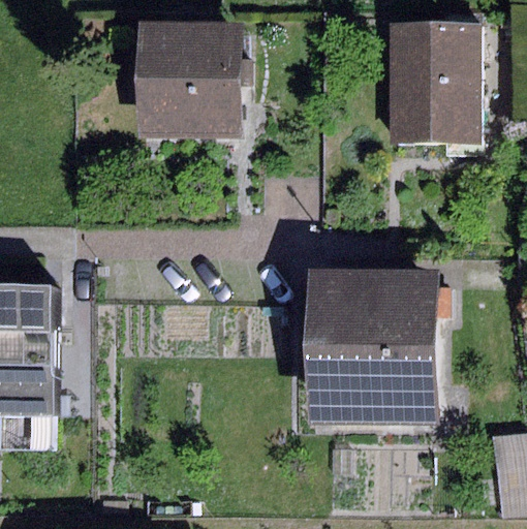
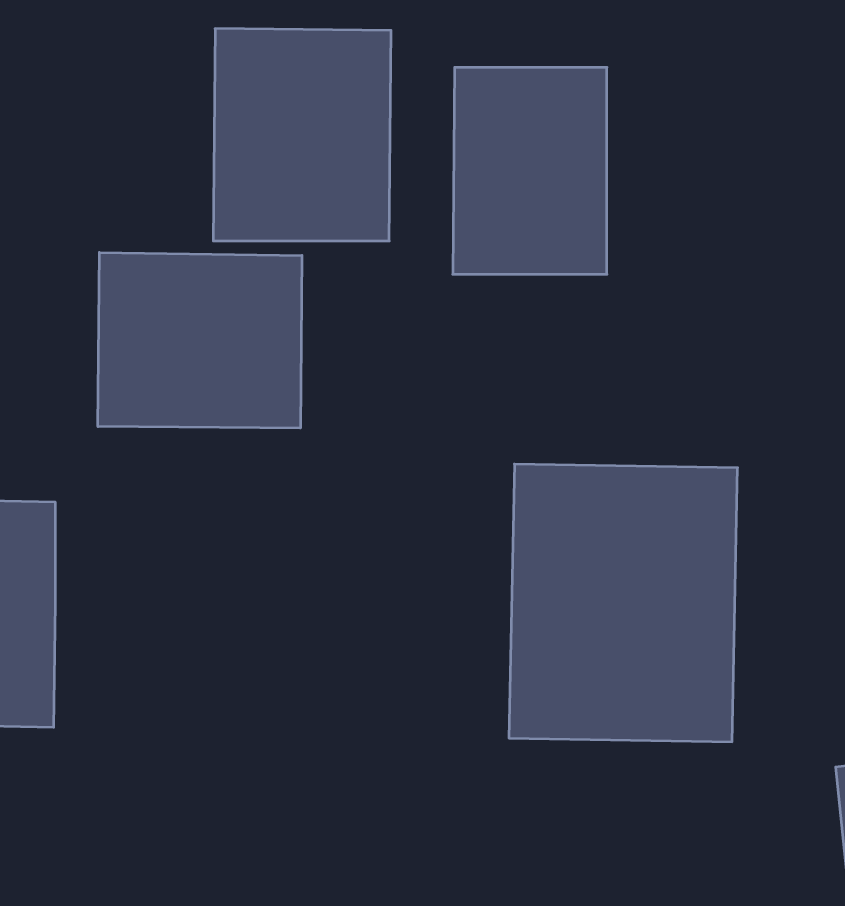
building: [393,25,481,143] -> [453,67,607,274]
building: none -> [98,252,302,428]

